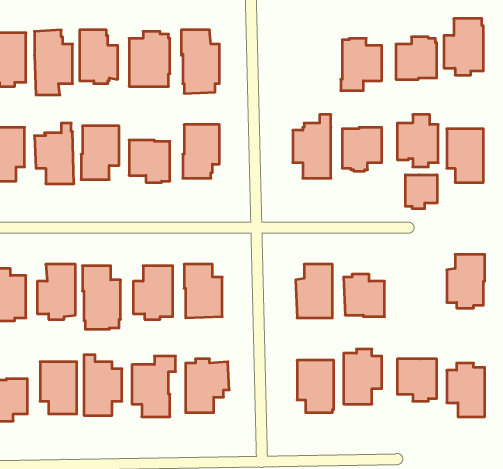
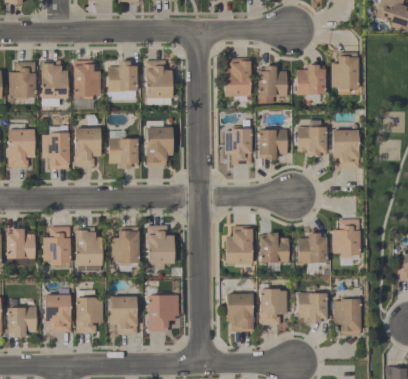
building: none -> [224,58,251,96]
building: [405,175,437,209] -> none
building: none -> [298,233,327,263]

